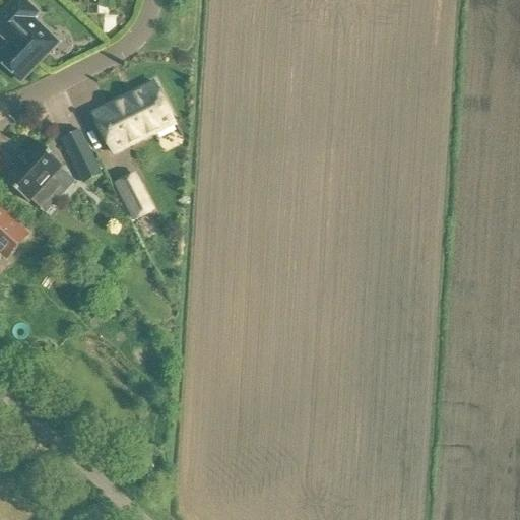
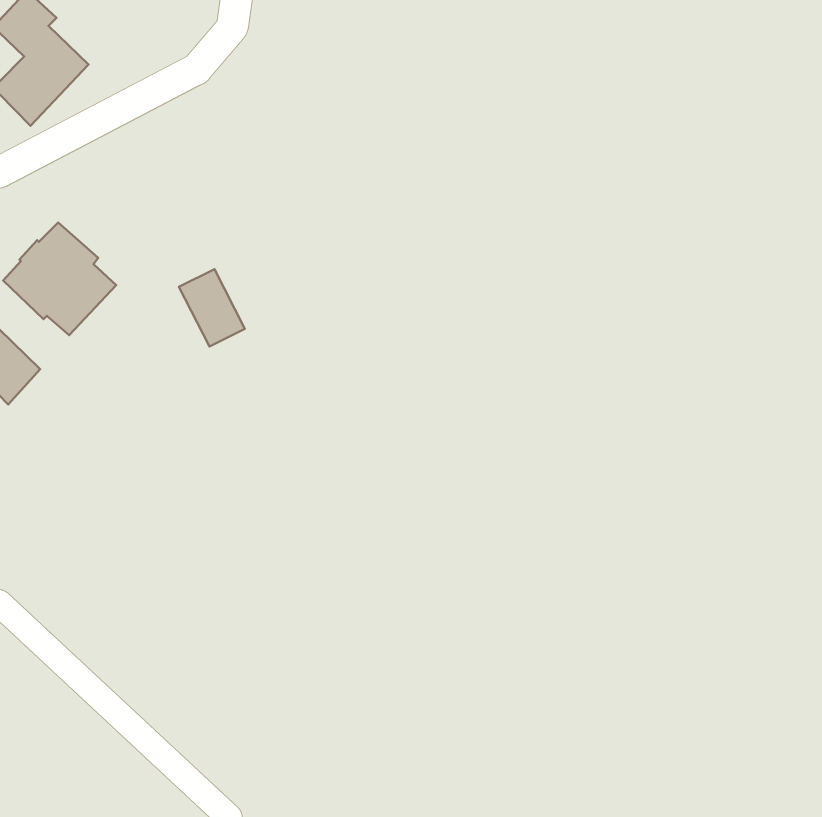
building: [92,81,173,151] -> none
building: [60,127,102,181] -> none

